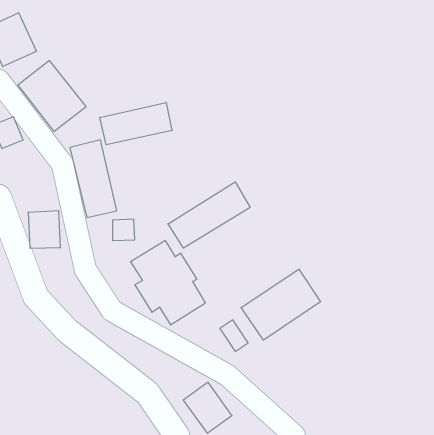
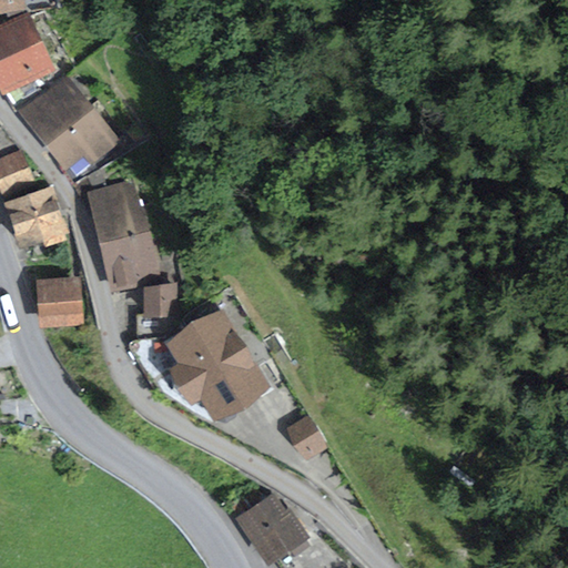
building: [100,102,172,145] -> none
building: none -> [6,190,61,243]
building: [168,182,250,248] -> none
building: [241,269,321,340] -> none

